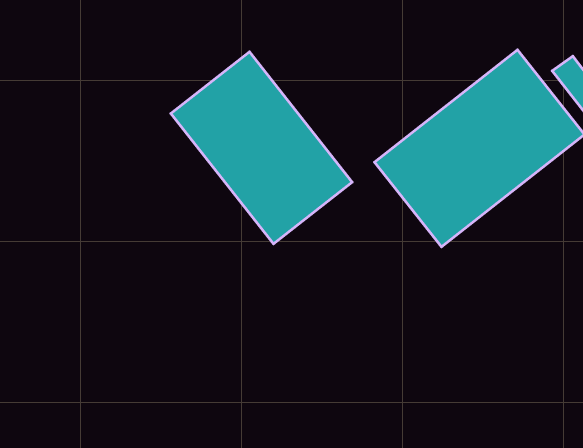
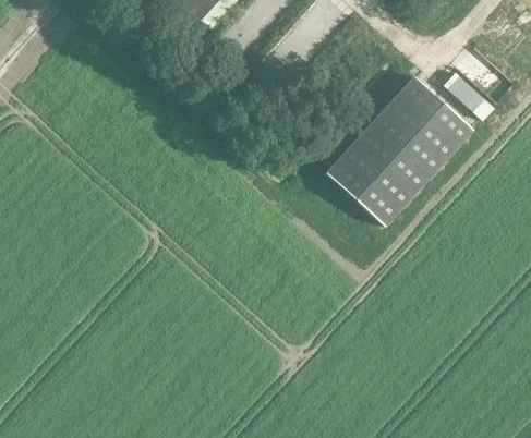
building: [171,52,352,244] -> none

